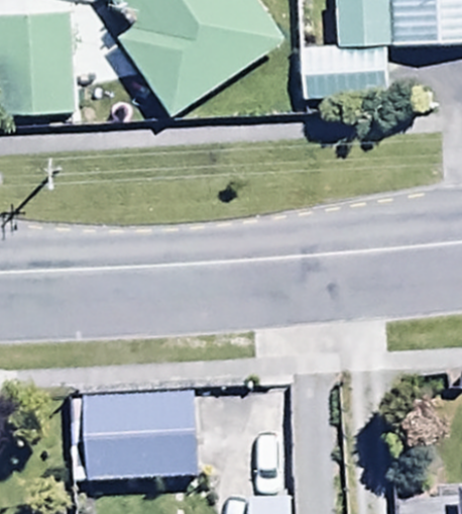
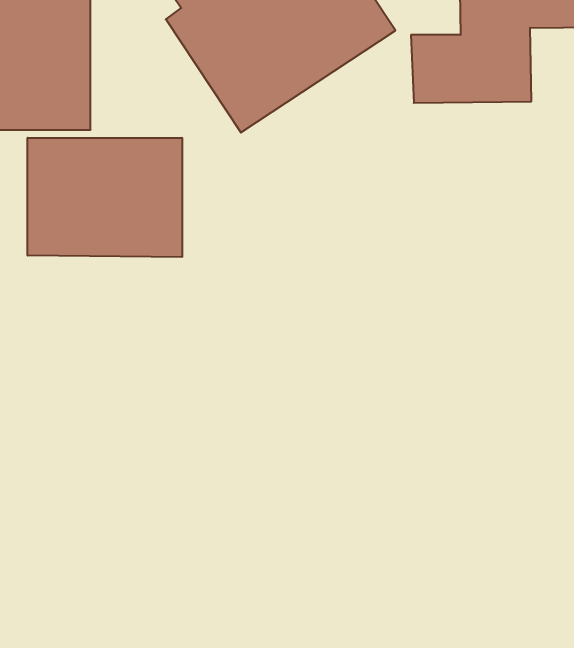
building: none -> [28,138,182,257]
building: [88,391,196,478] -> none

